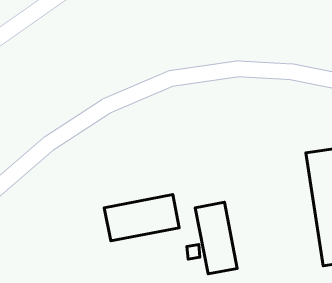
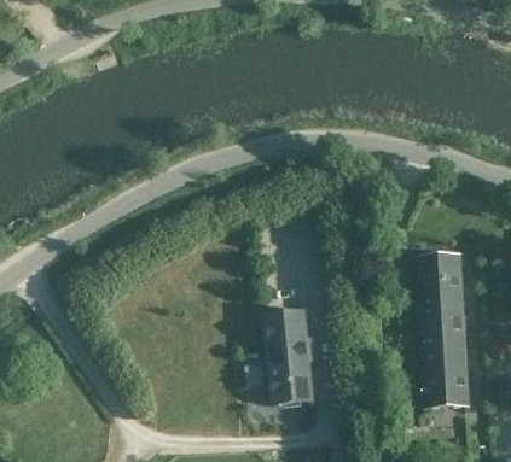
building: [104,195,179,241] -> none

